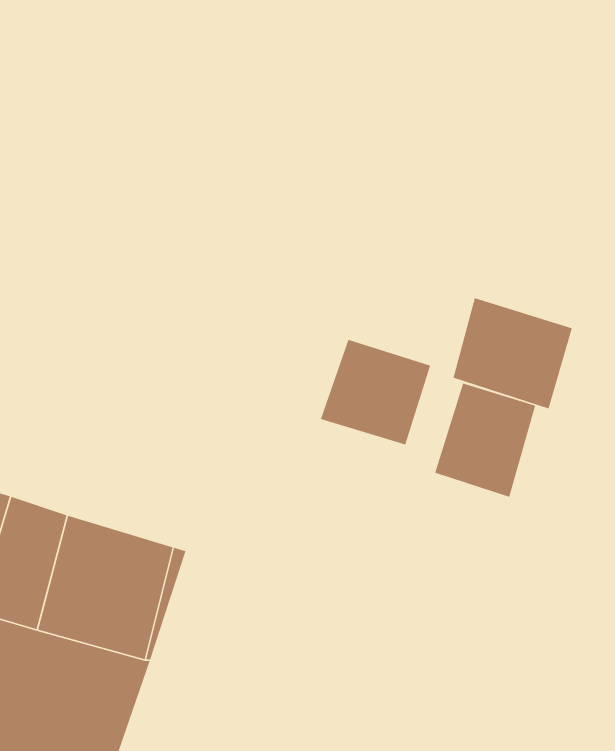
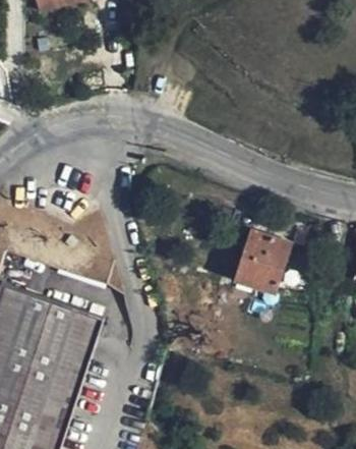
building: [453,297,573,409] -> none
building: [320,339,431,446] -> none

